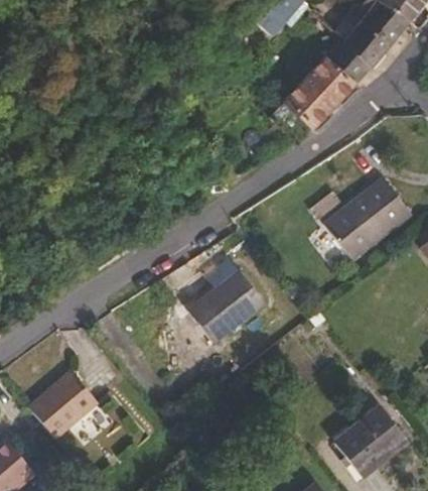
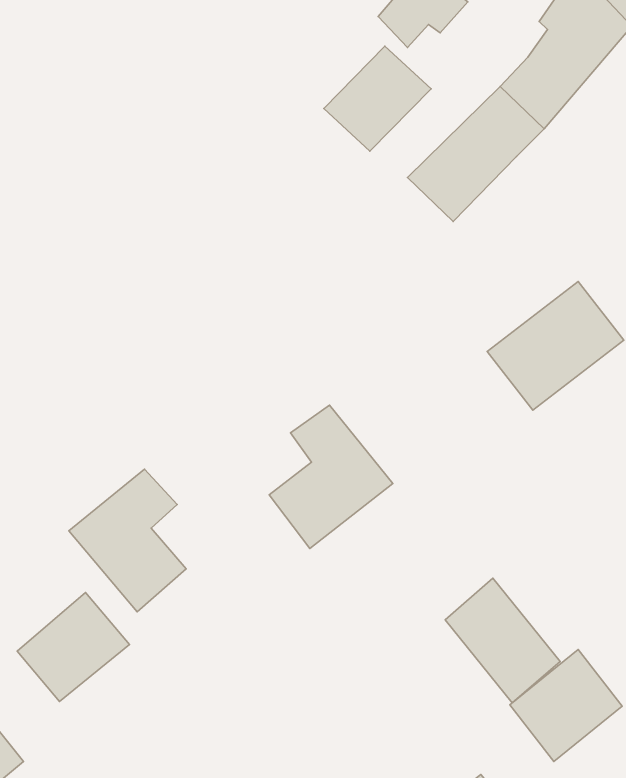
building: none -> [324,46,431,151]
building: none -> [69,469,186,612]
building: none -> [445,578,560,703]

